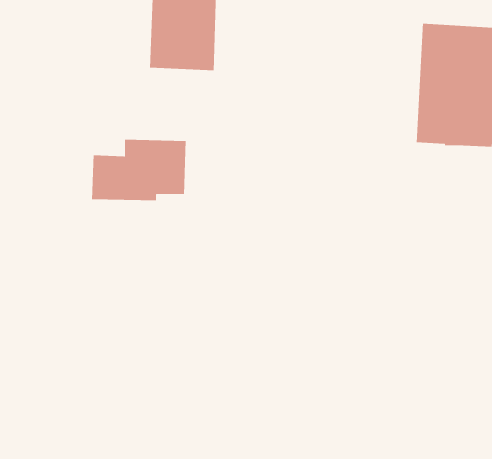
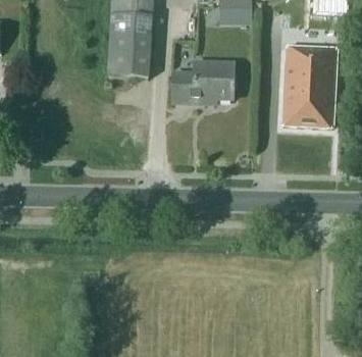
building: [91,139,186,201] -> [172,61,235,102]

